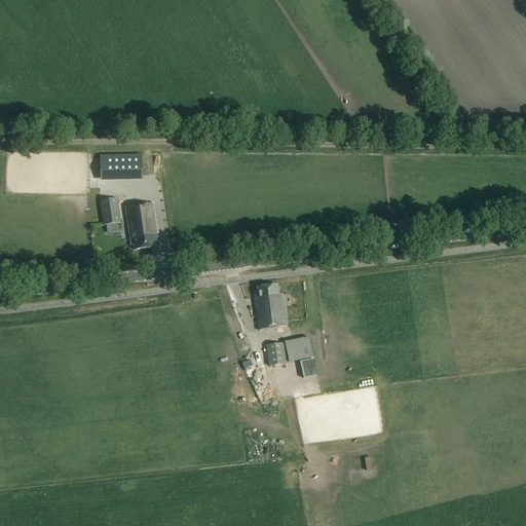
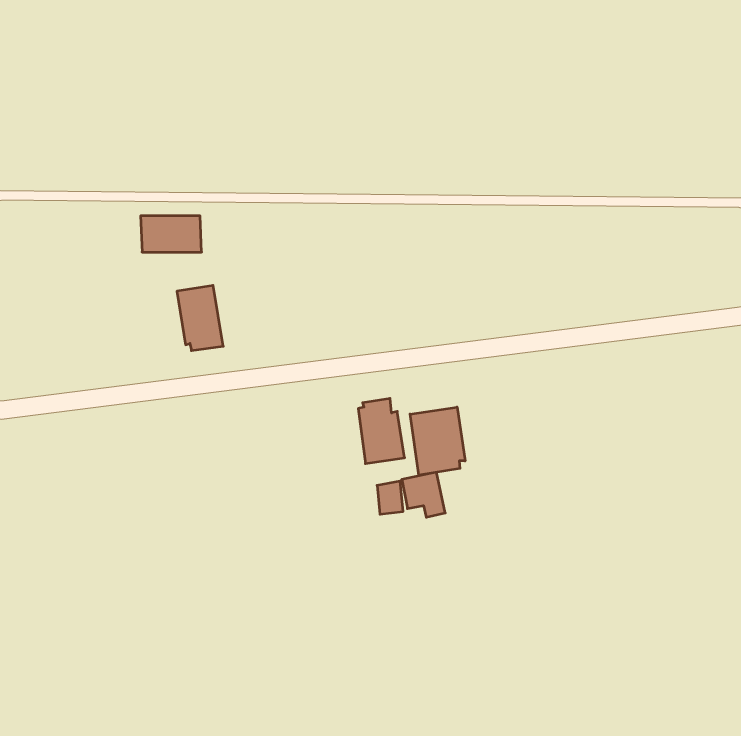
building: [101,196,121,224] -> none
building: none -> [410,407,465,475]

